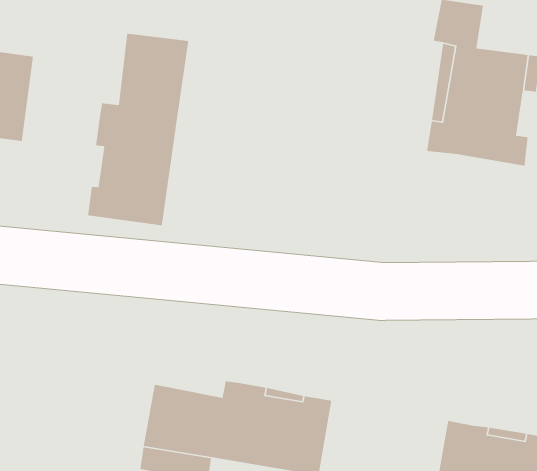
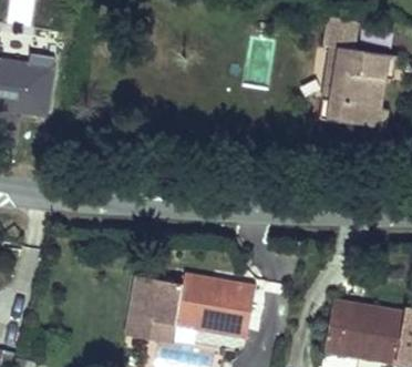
building: [87,33,189,226] -> none

